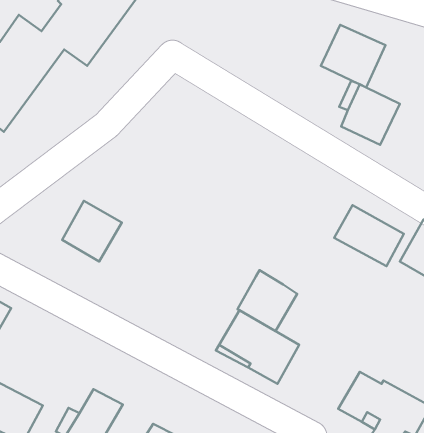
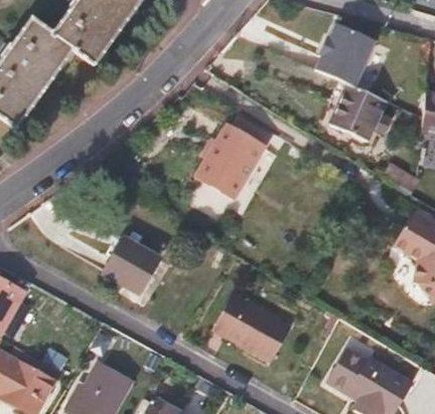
building: none -> [197,124,266,198]
building: [62,201,122,261] -> [105,238,160,294]
building: [334,205,404,266] -> none
building: [237,270,297,331] -> none

